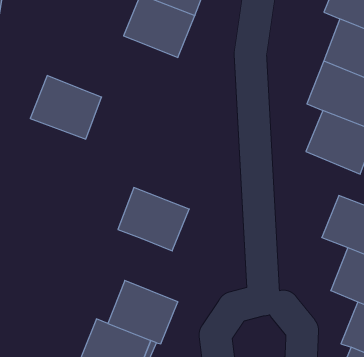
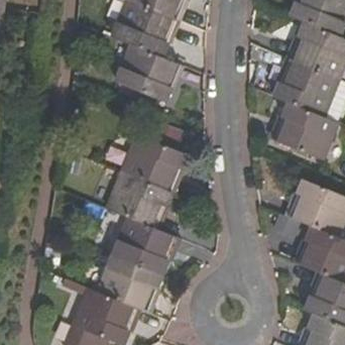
building: [30,76,102,139] -> [114,44,178,101]
building: none -> [120,134,185,192]
building: none -> [112,218,175,274]

